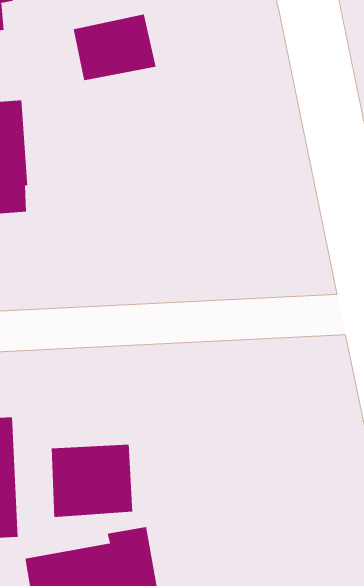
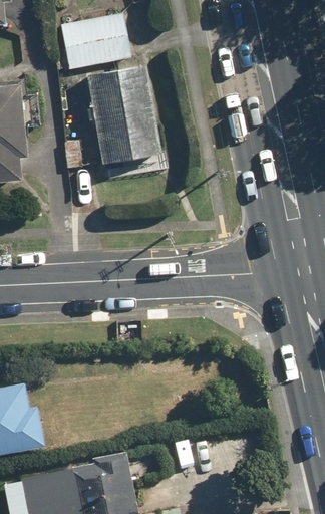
building: none -> [87,67,157,163]
building: [51,444,133,518] -> none

